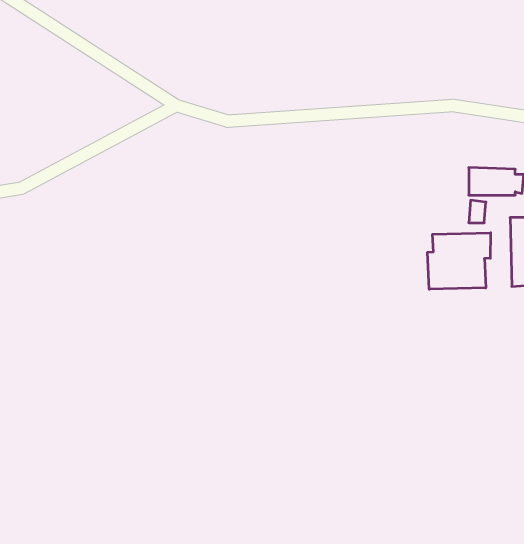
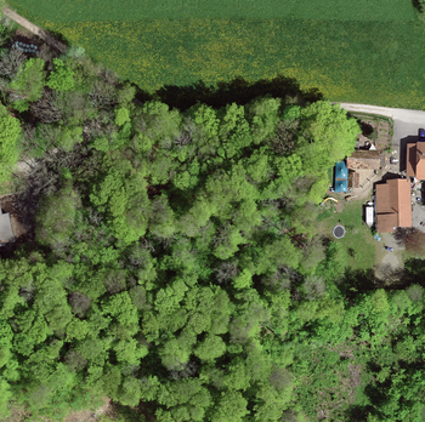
building: [428,233,491,289] -> none

